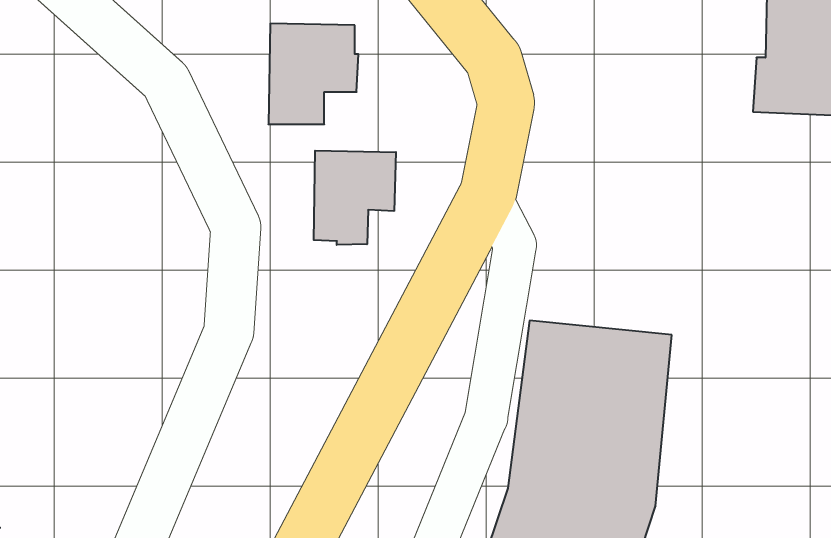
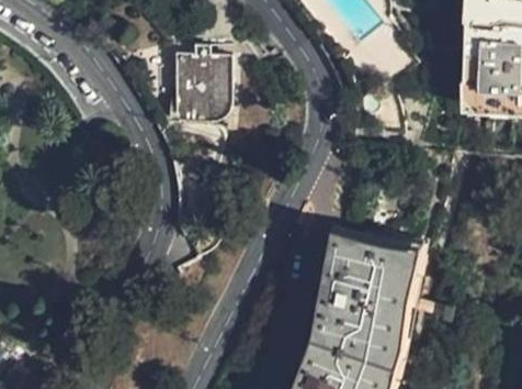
building: [314,151,396,245] -> none

